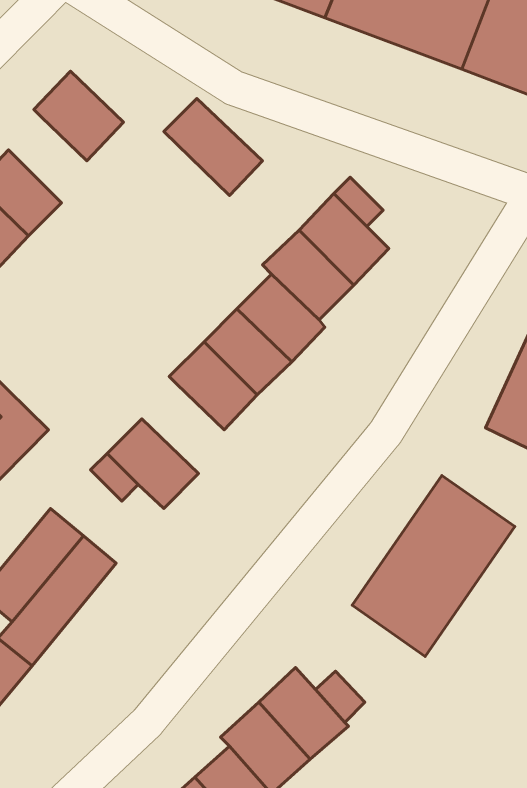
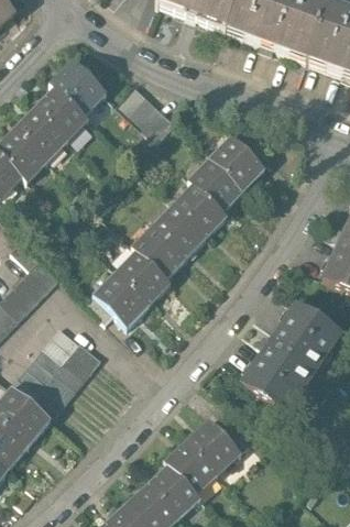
building: none -> [34,90,86,142]
building: none -> [114,251,169,305]

